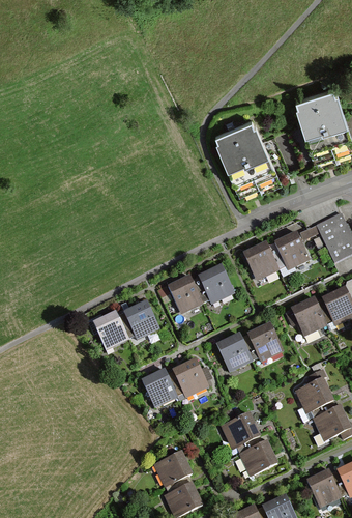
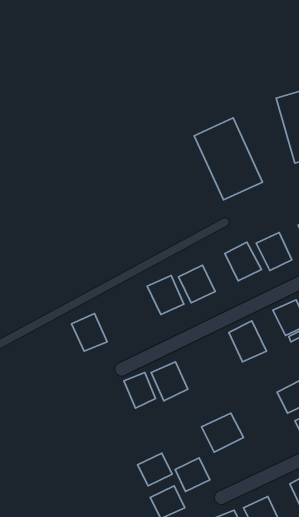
building: [122,299,159,338] -> none
building: [216,330,254,370] -> none
building: [239,440,273,473] -> [175,458,210,492]

